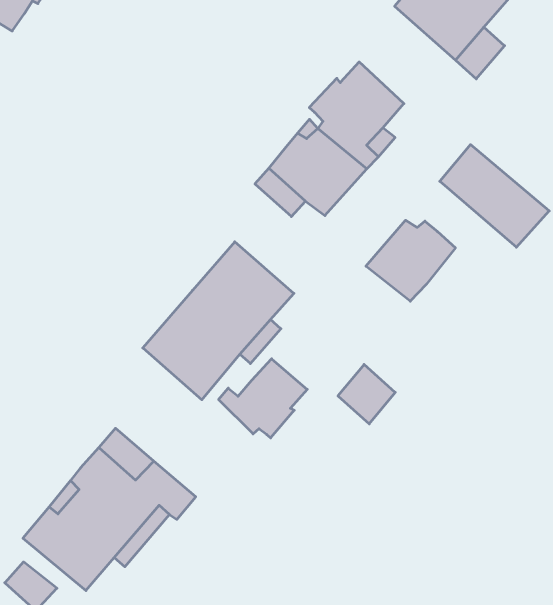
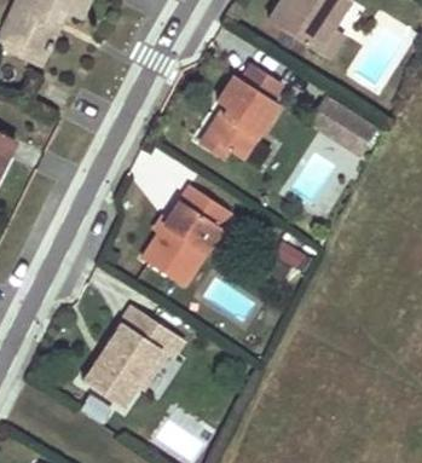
building: [366,220,455,301] -> none
building: [219,359,307,438] -> none

